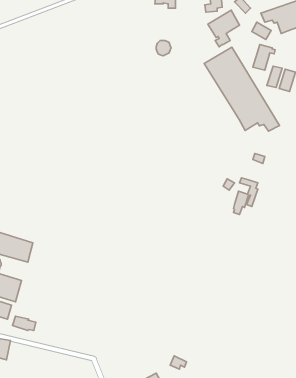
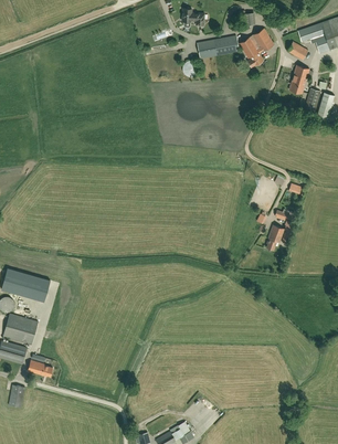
building: none -> [198,35,240,59]
building: [204,47,280,131] -> none

